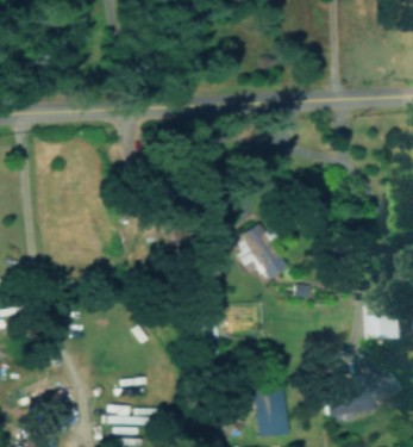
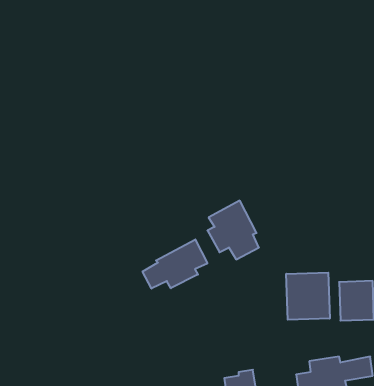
building: none -> [143,239,207,289]
building: none -> [286,273,330,320]

